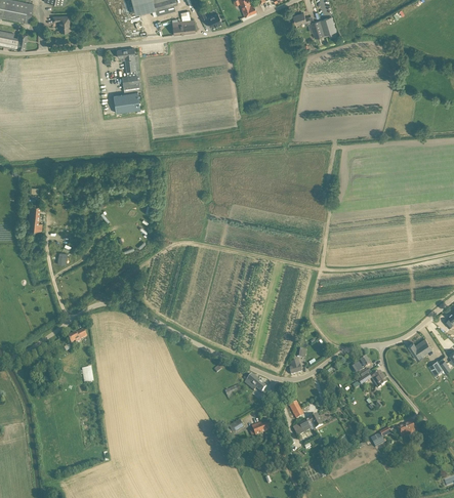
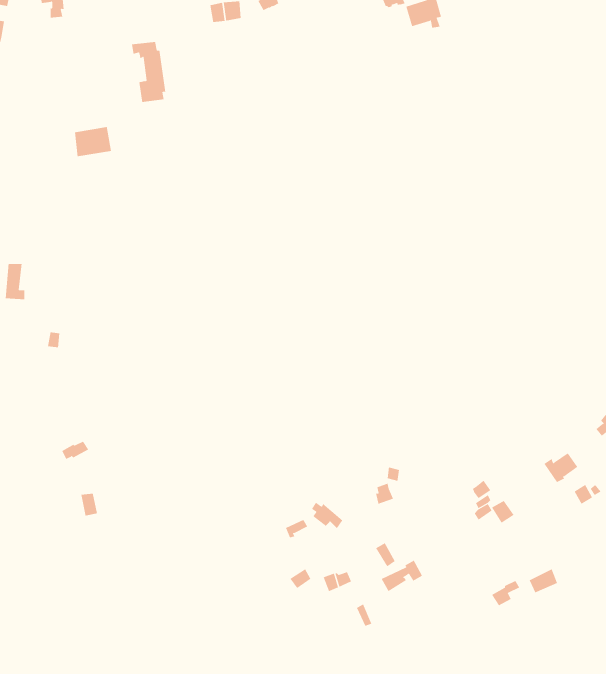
building: [112,90,138,112] -> [74,126,112,157]

